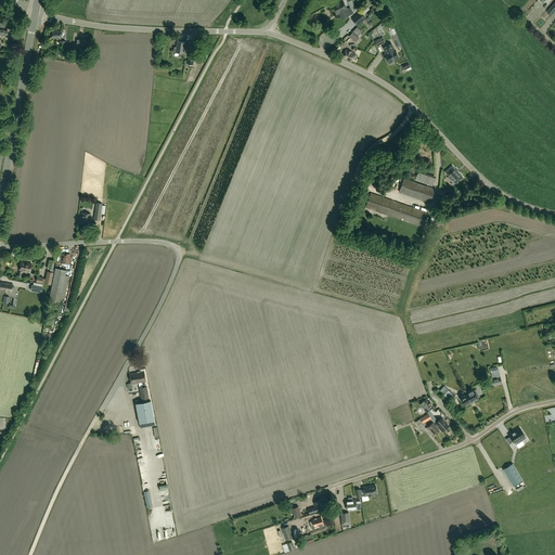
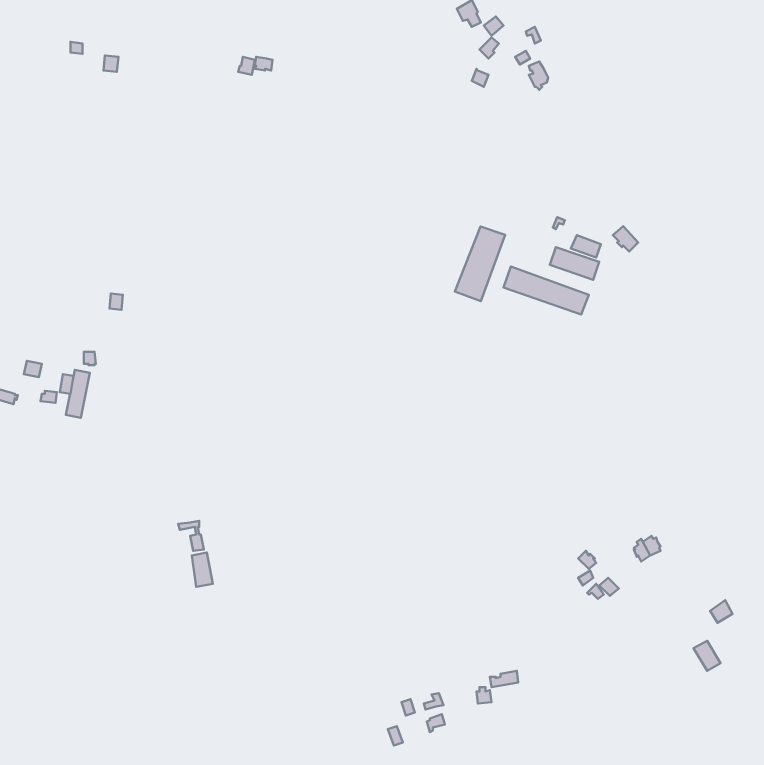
building: none -> [455,226,505,301]

